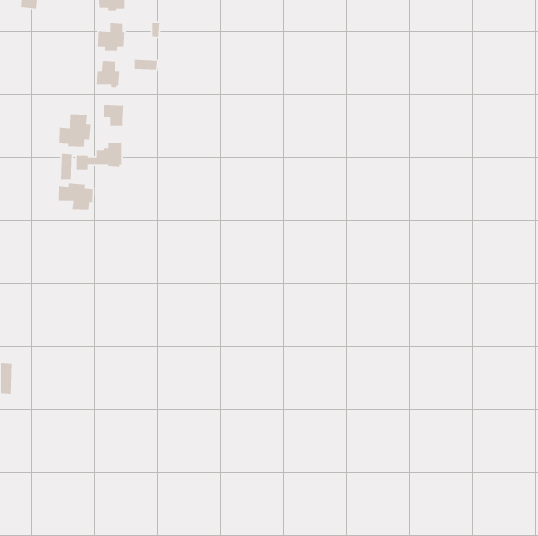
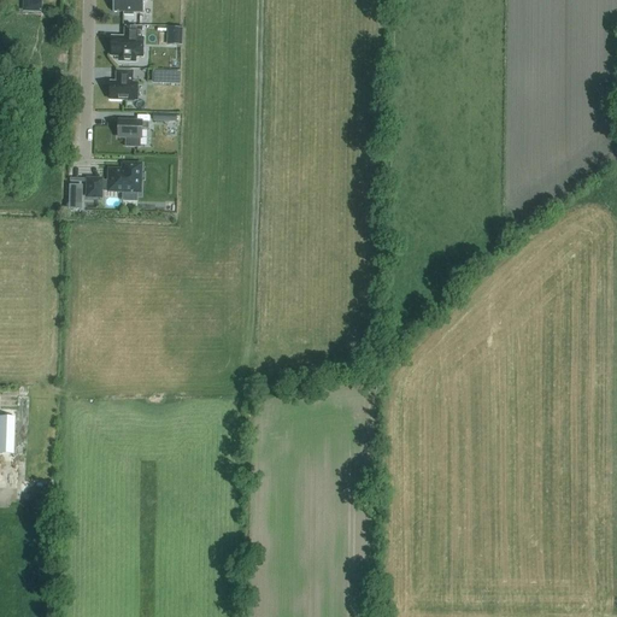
building: [59,114,91,147] -> none
building: [58,183,93,210] -> none

